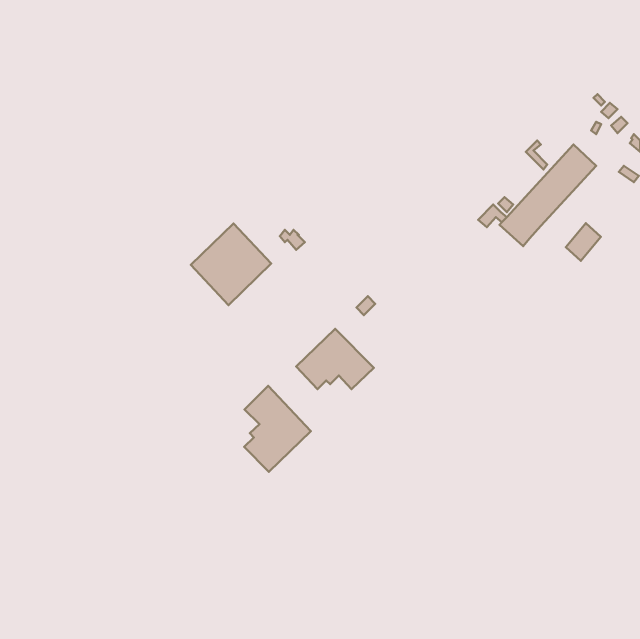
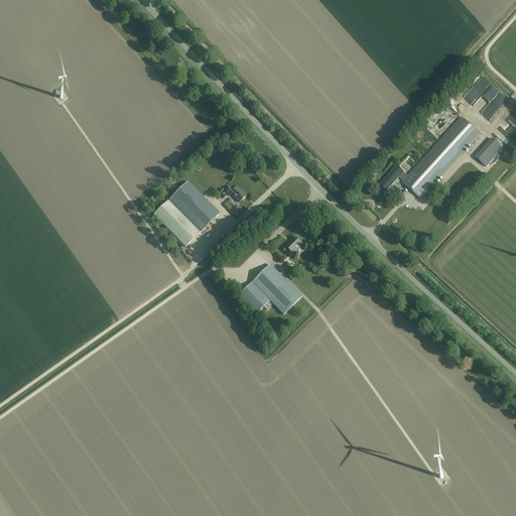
building: [566,223,601,261] -> [472,136,500,166]
building: [244,386,311,472] -> none

